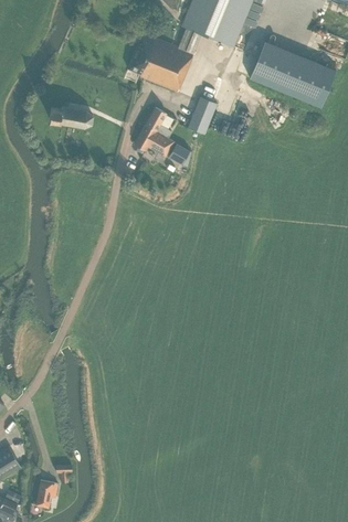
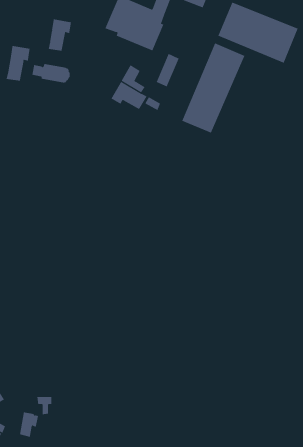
building: none -> [48,19,72,52]
building: none -> [181,42,245,133]
building: none -> [6,45,30,82]

